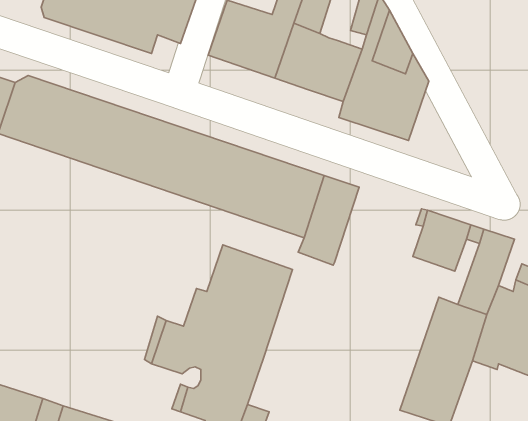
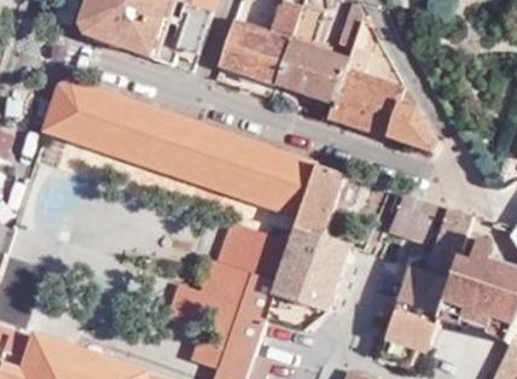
building: none -> [385,86,436,151]
building: none -> [265,228,349,327]

